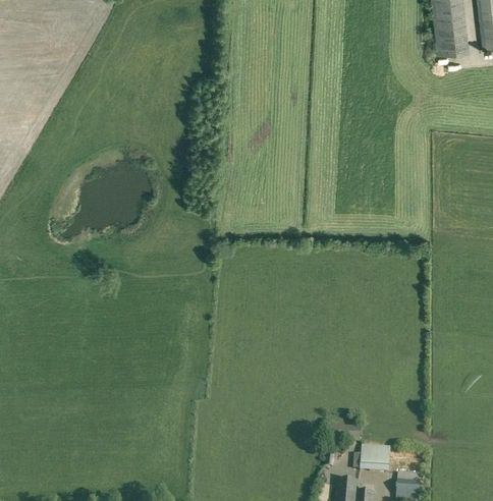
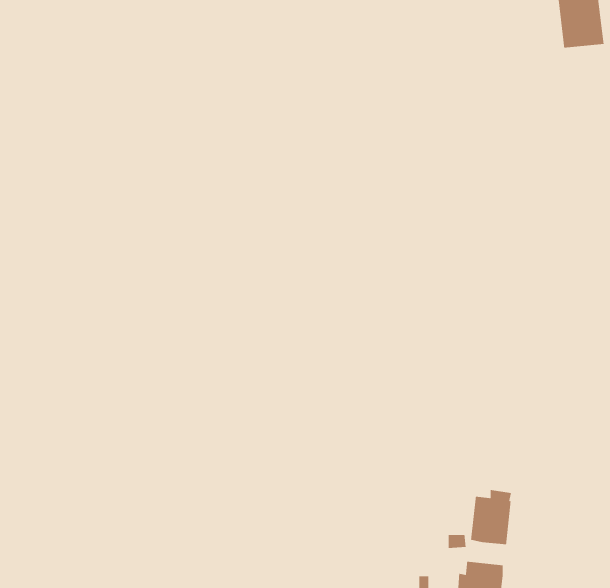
building: none -> [470,489,512,545]

